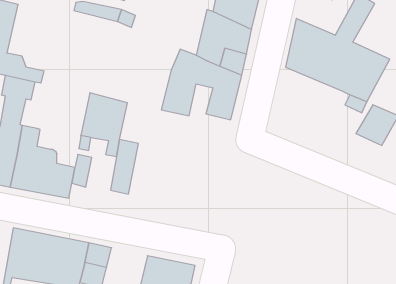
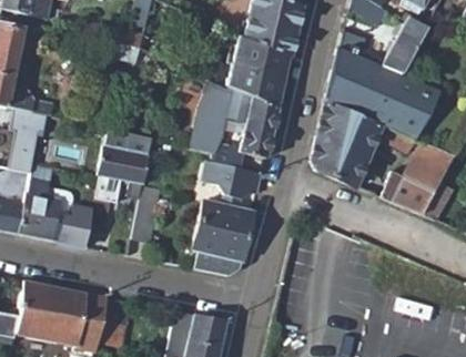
building: none -> [313,100,391,185]
building: none -> [193,161,262,275]
building: none -> [382,170,435,213]

